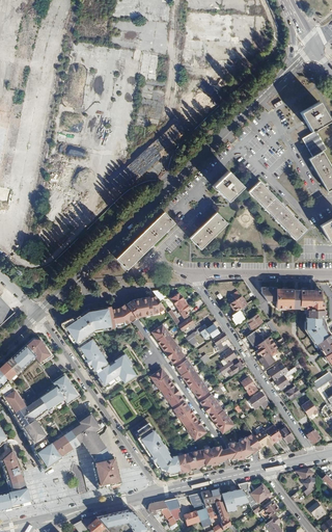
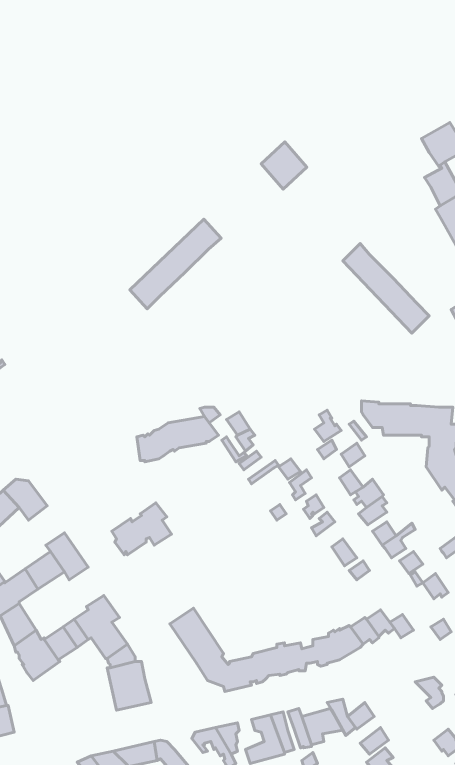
building: [212,170,242,202] -> [261,142,307,189]
building: [114,211,174,270] -> [130,219,221,309]
building: [189,213,226,250] -> none
building: [61,307,115,367] -> none
building: [151,324,233,433] -> none
building: [149,368,205,440] -> none

